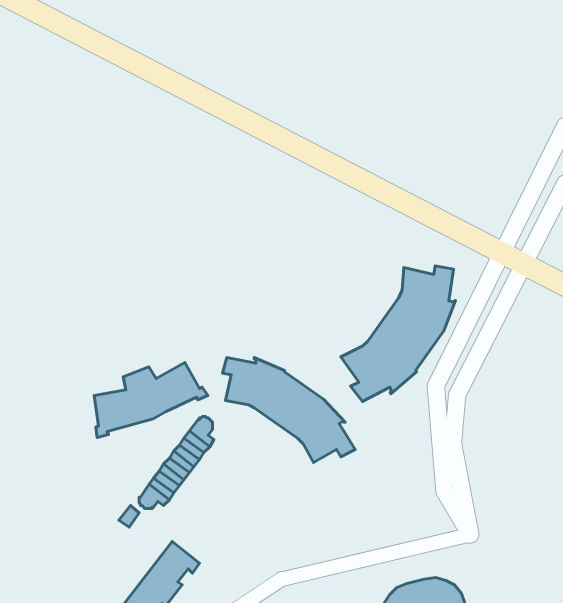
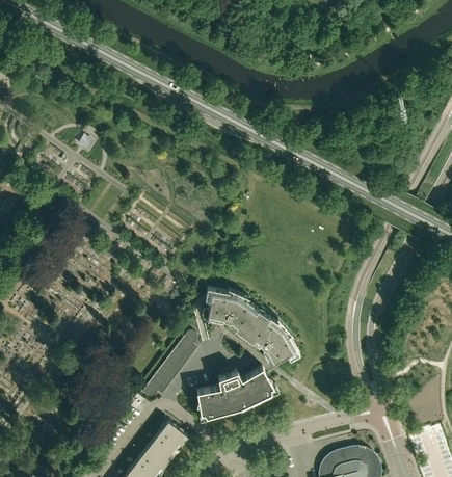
building: [341,266,456,401] -> none
building: [94,363,208,437] -> [196,368,278,422]

